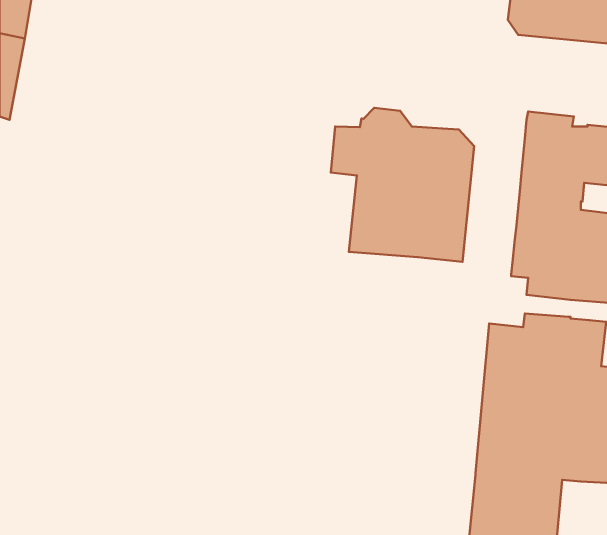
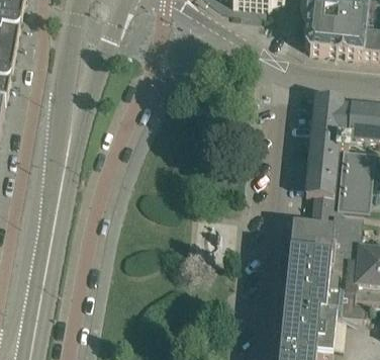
building: [331,108,474,262] -> none

